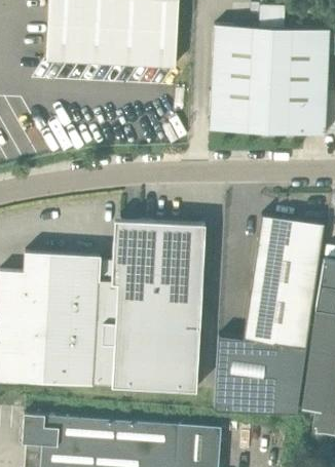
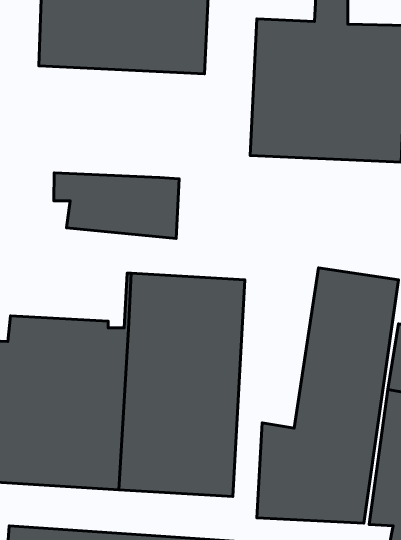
building: none -> [54,173,179,239]

